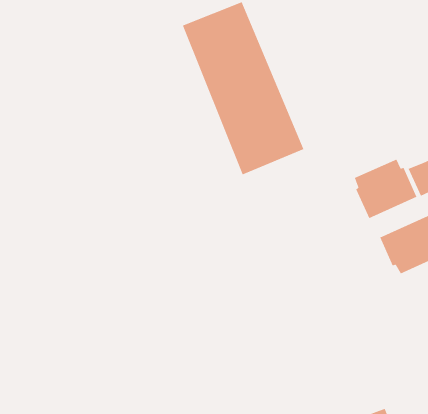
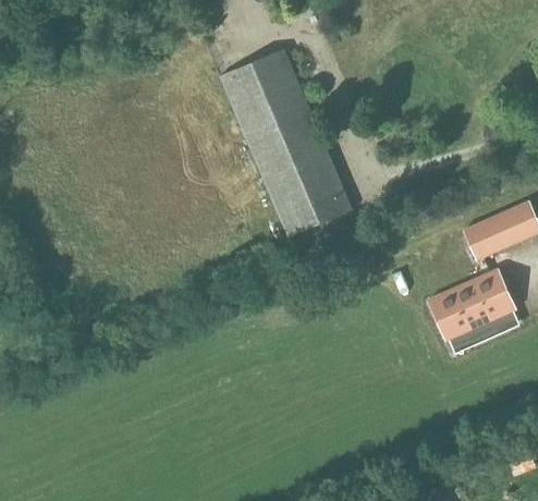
building: [354,158,418,219] -> none

